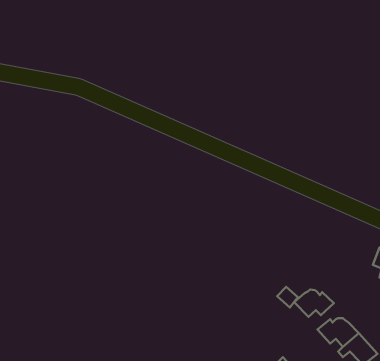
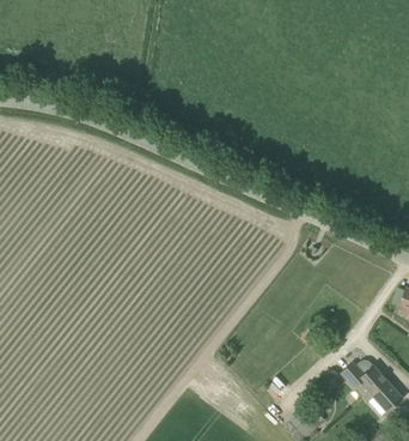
building: [294,290,334,317] -> none

